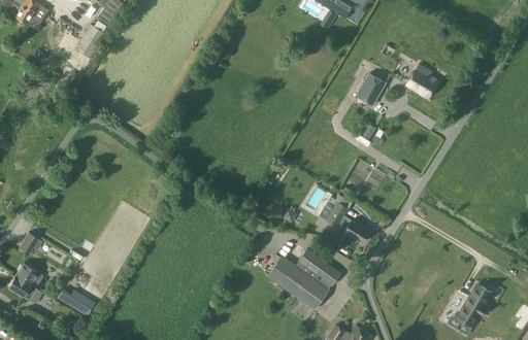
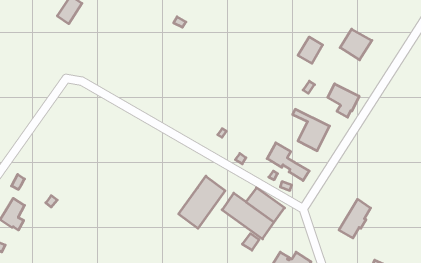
building: none -> [328,84,359,117]
building: none -> [179,176,225,228]
building: [456,282,493,328] -> [339,199,371,238]
building: [57,290,94,315] -> none

